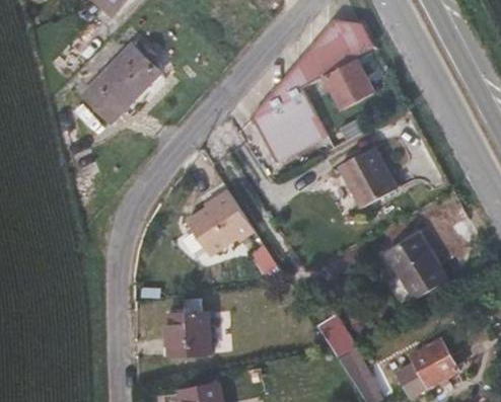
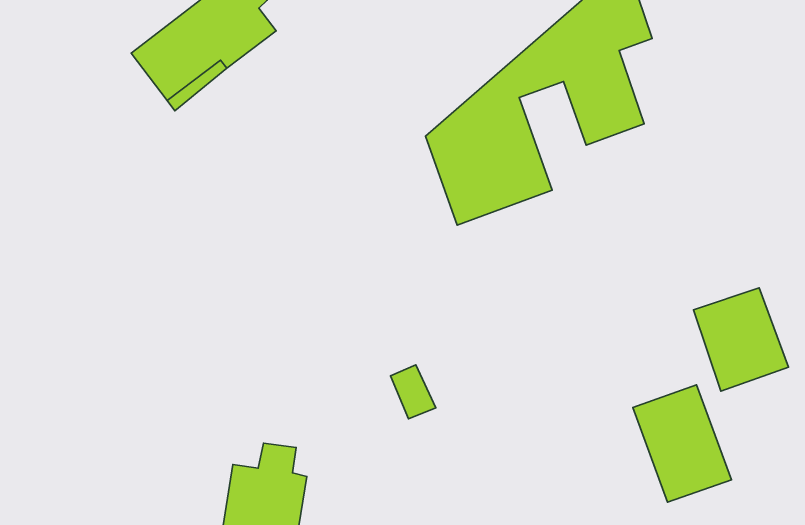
building: [338,147,395,207] -> [693,288,789,391]
building: [187,189,254,256] -> none

